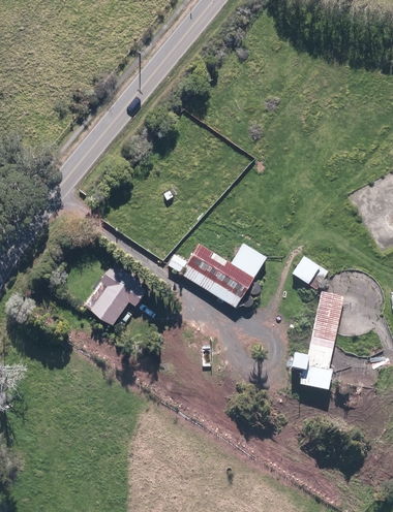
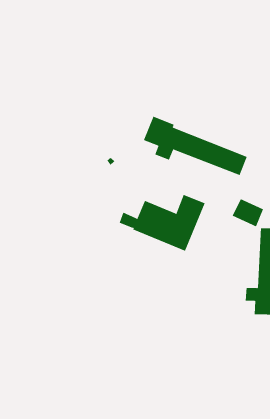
building: none -> [143,116,248,176]
building: [90,266,145,324] -> none

